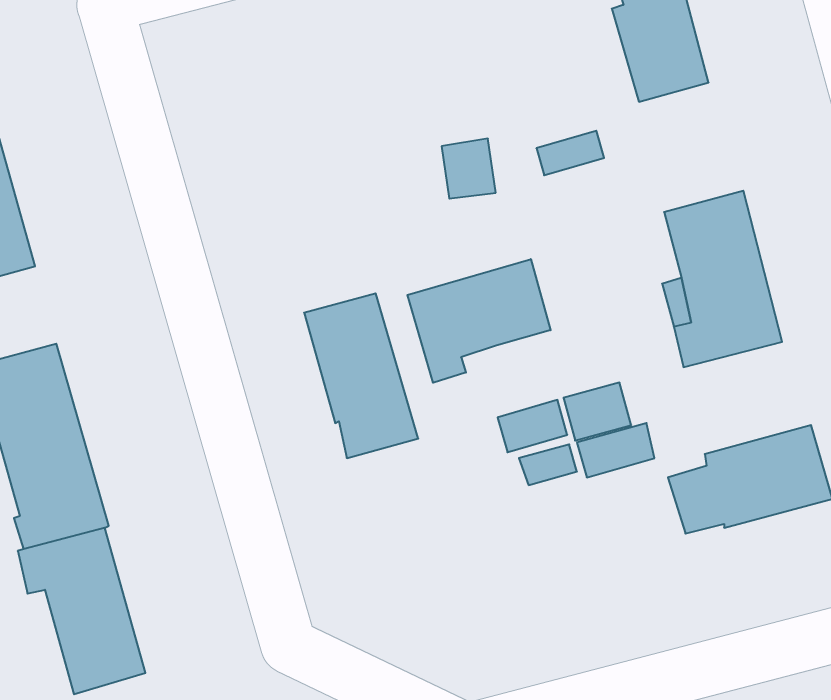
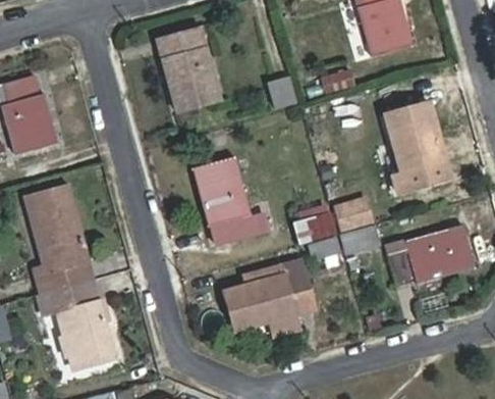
building: none -> [162,30,218,108]
building: [407,259,551,383] -> none
building: none -> [224,264,313,336]

